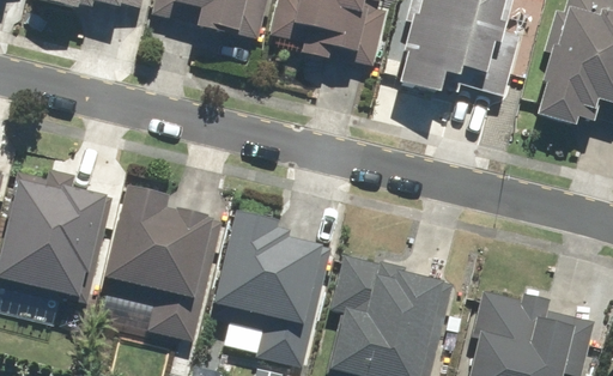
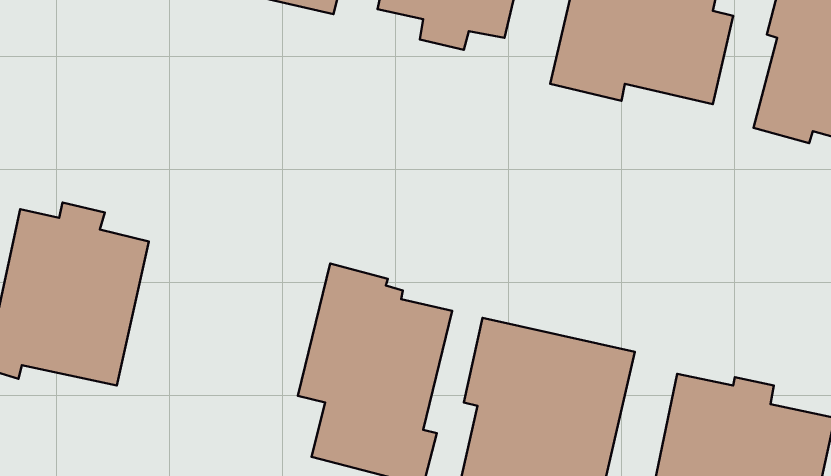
building: [108,188,216,345] -> none

